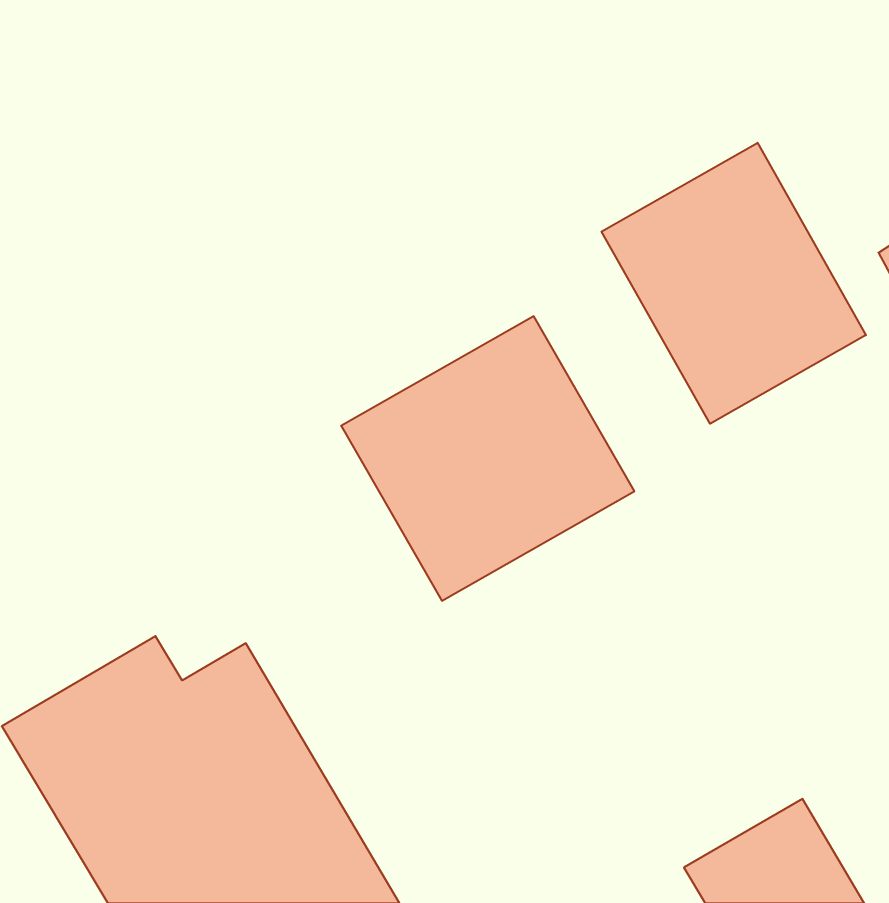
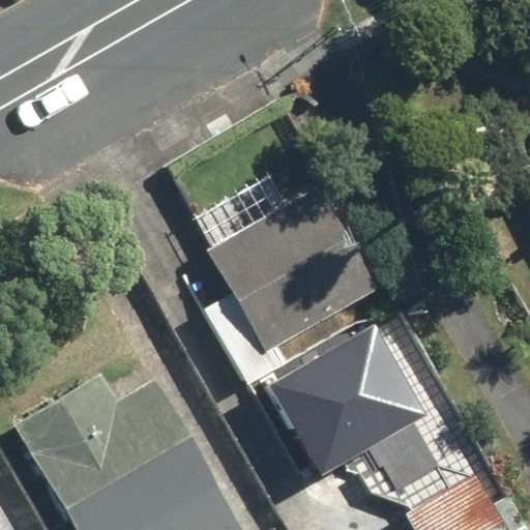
building: [602,143,866,424] -> none
building: none -> [256,316,431,485]

